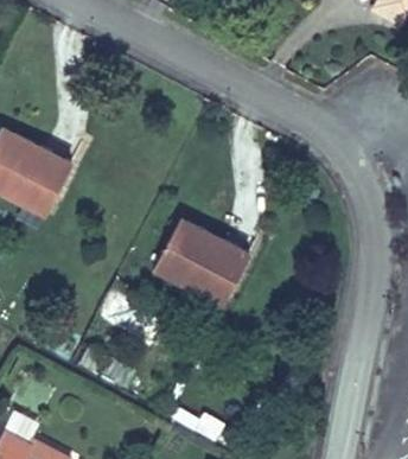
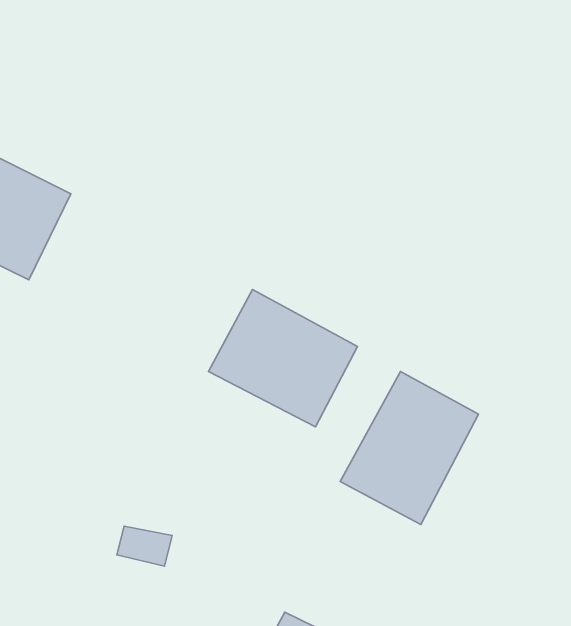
building: none -> [340,372,479,524]

